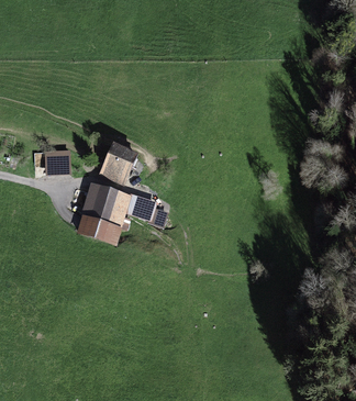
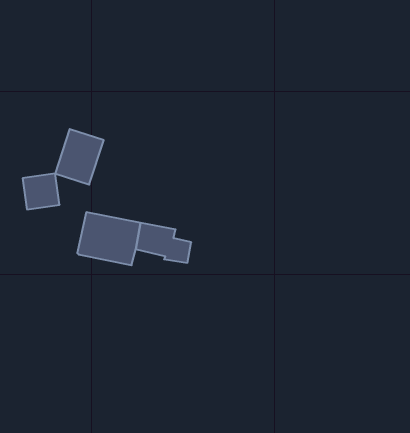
building: [99,142,138,186] -> [55,129,104,185]
building: [77,214,122,246] -> none

